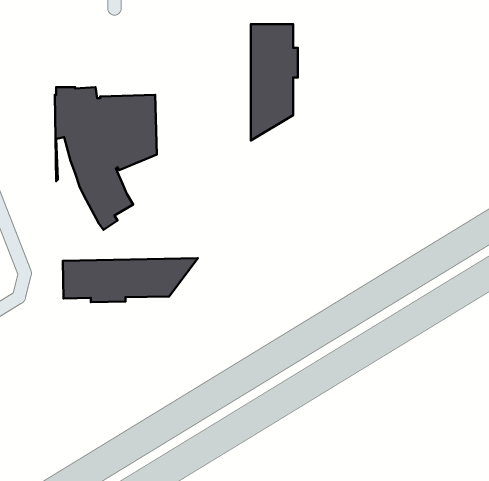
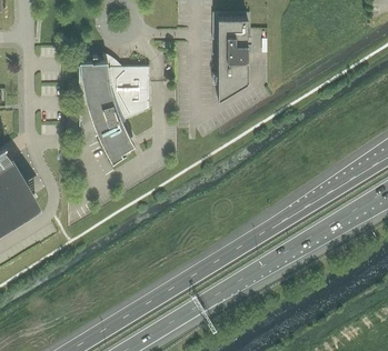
building: [63,258,198,302] -> none

